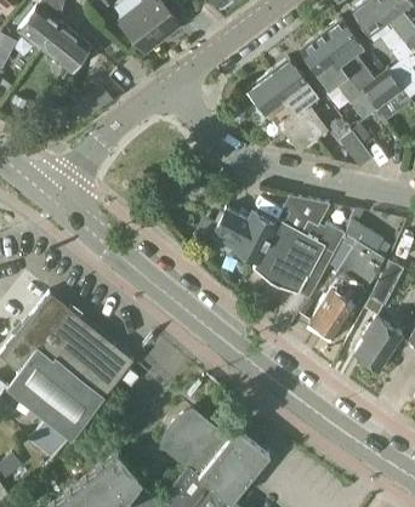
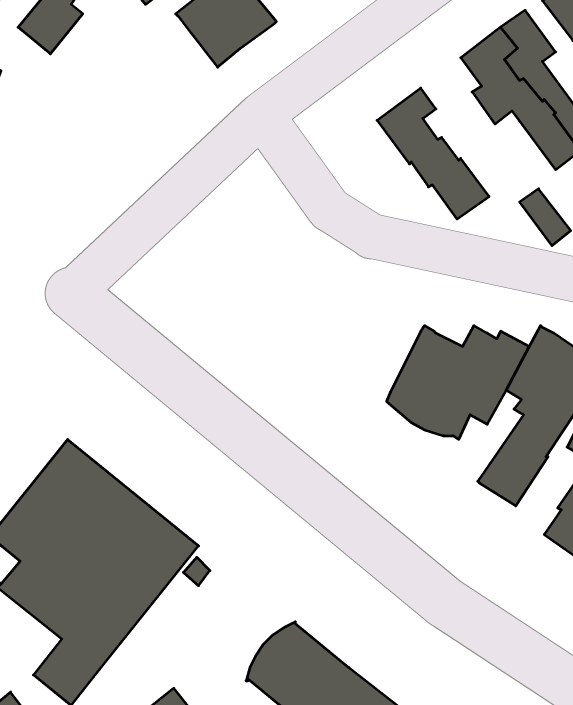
building: [39,22,90,70] -> none
building: [275,59,328,138] -> none
building: [284,198,329,234] -> none
building: [211,210,275,263] -> none

